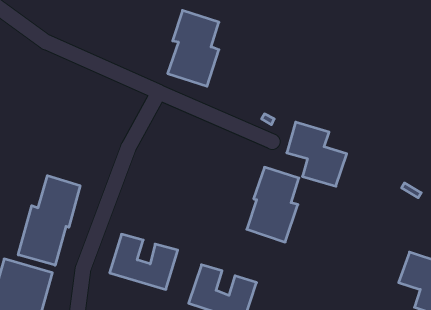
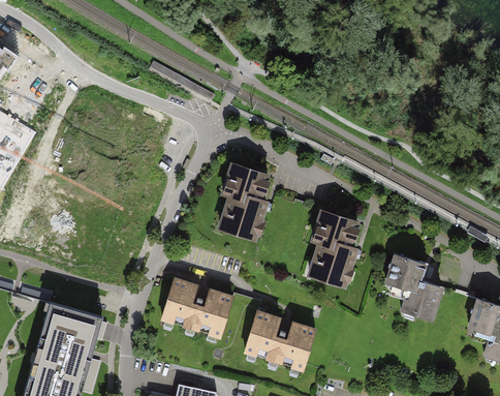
building: [168,10,219,86] -> [219,163,273,243]
building: [287,122,347,186] -> [382,254,445,322]
building: [18,176,80,265] -> none

